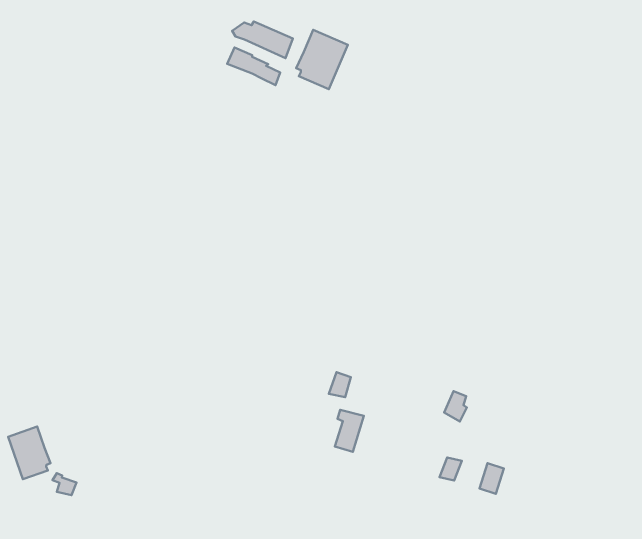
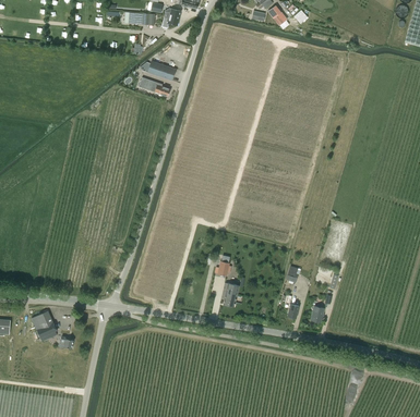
building: [296,30,348,89] -> none

